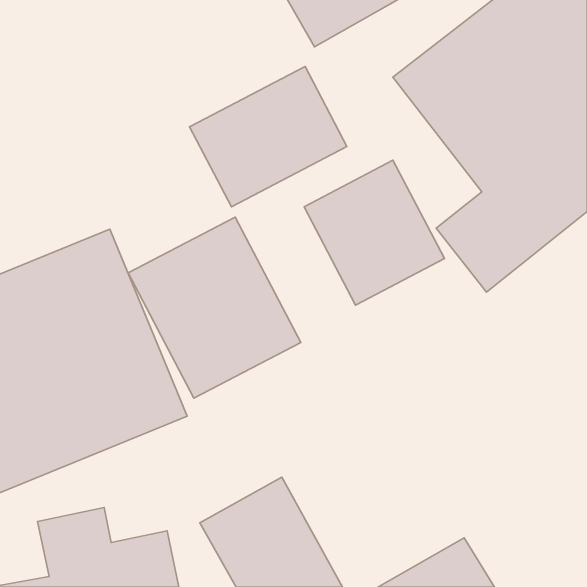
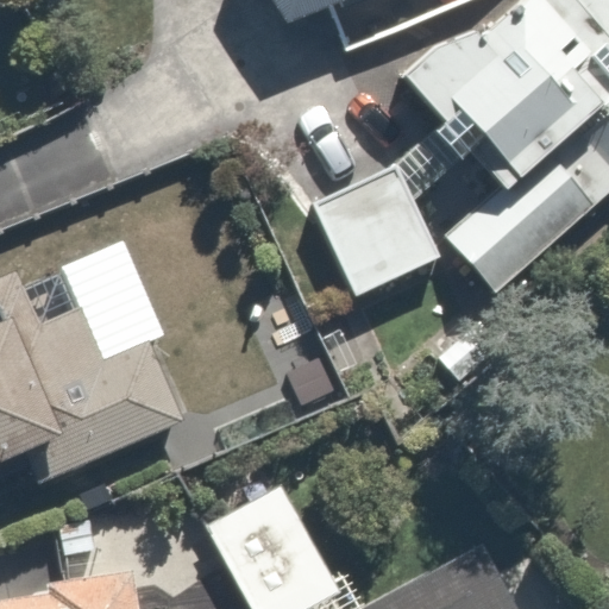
building: [190,67,347,207] -> none
building: [128,217,301,398] -> none

